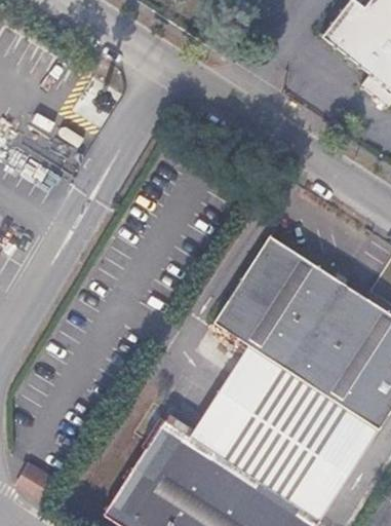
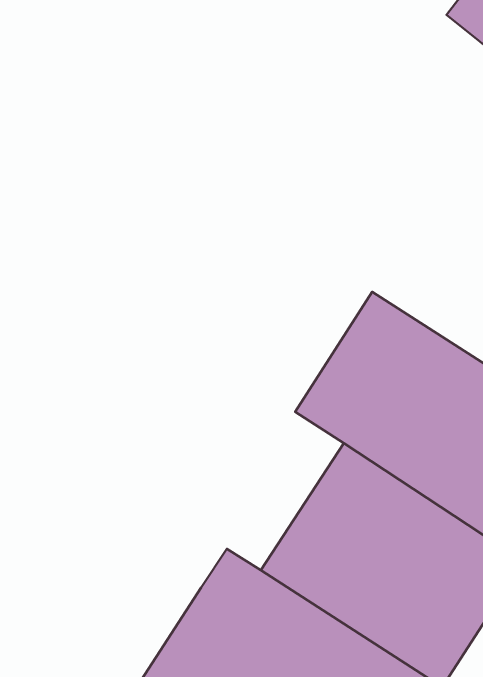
building: [17,464,58,503] -> none

